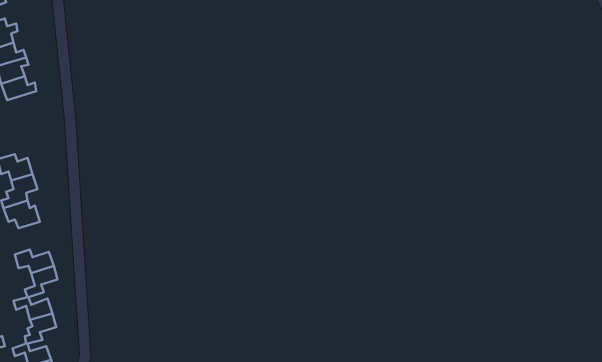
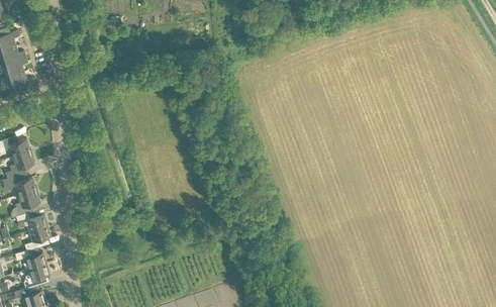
building: none -> [10,190,39,217]

